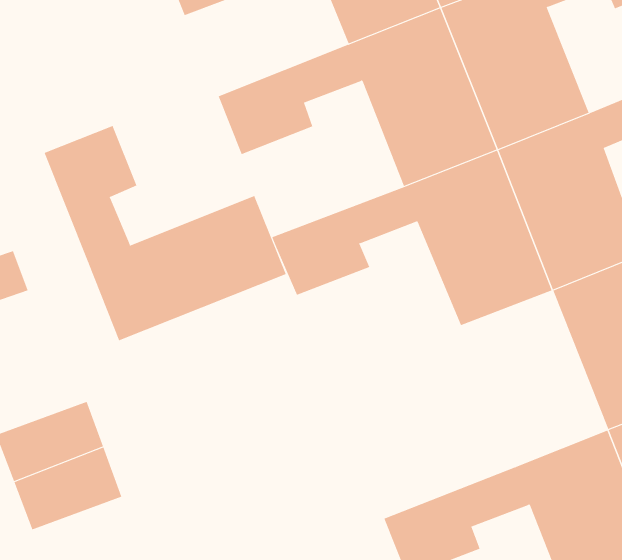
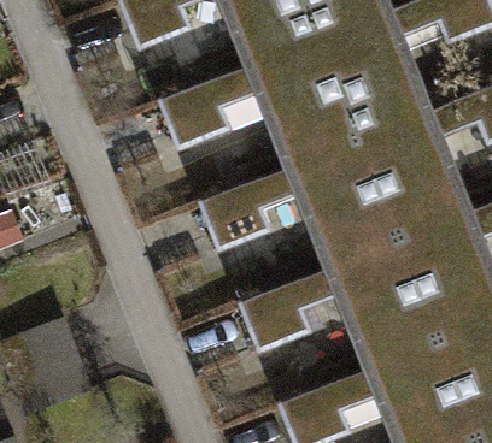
building: [44,125,286,341] -> none
building: none -> [240,240,441,366]

